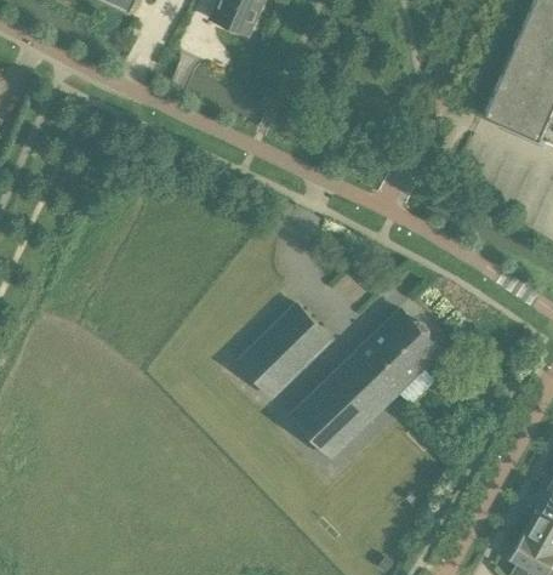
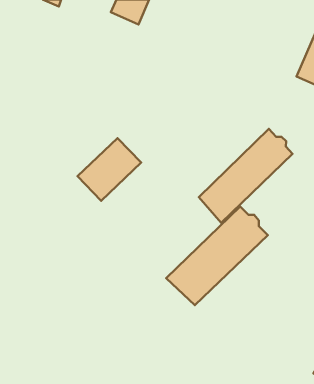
building: none -> [199,129,293,223]
building: [238,303,332,397] -> [78,138,141,201]

